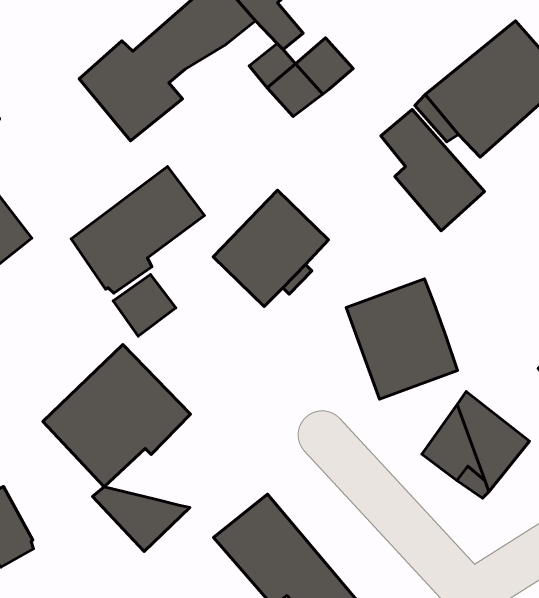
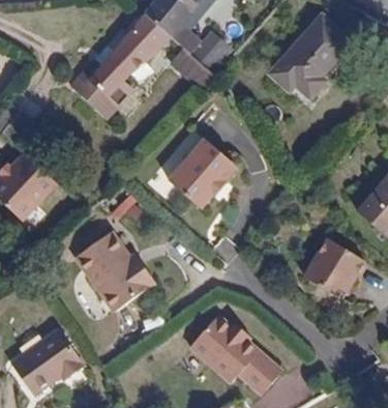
building: [381,109,485,231] -> none
building: [71,167,205,293] -> none
building: [346,279,458,399] -> none
building: [93,487,190,551] -> none

